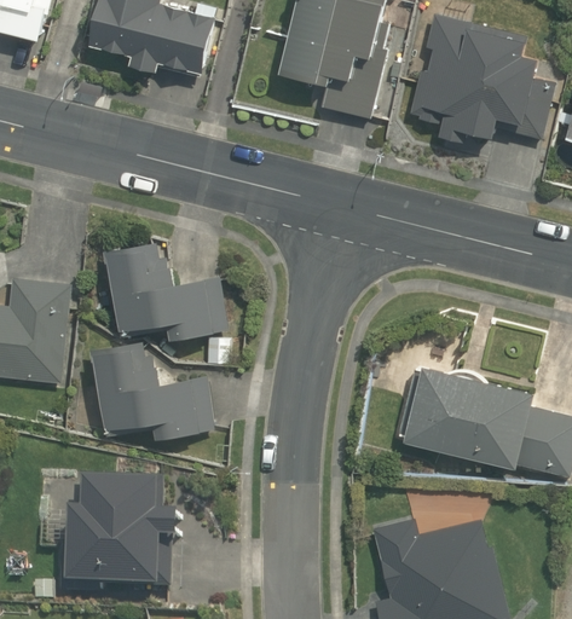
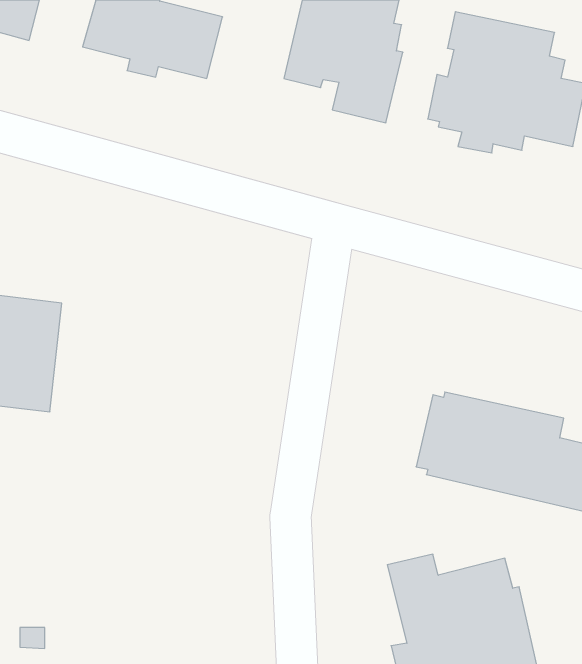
building: [102,242,229,337] -> none
building: [87,340,214,439] -> none
building: [67,474,177,590] -> none

